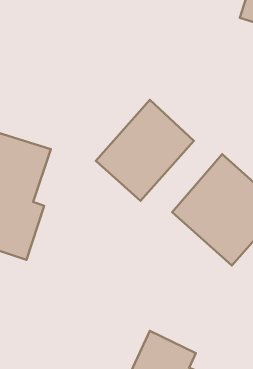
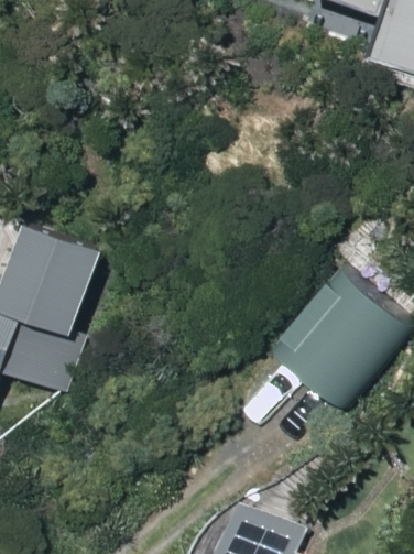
building: [96,100,194,201] -> none

